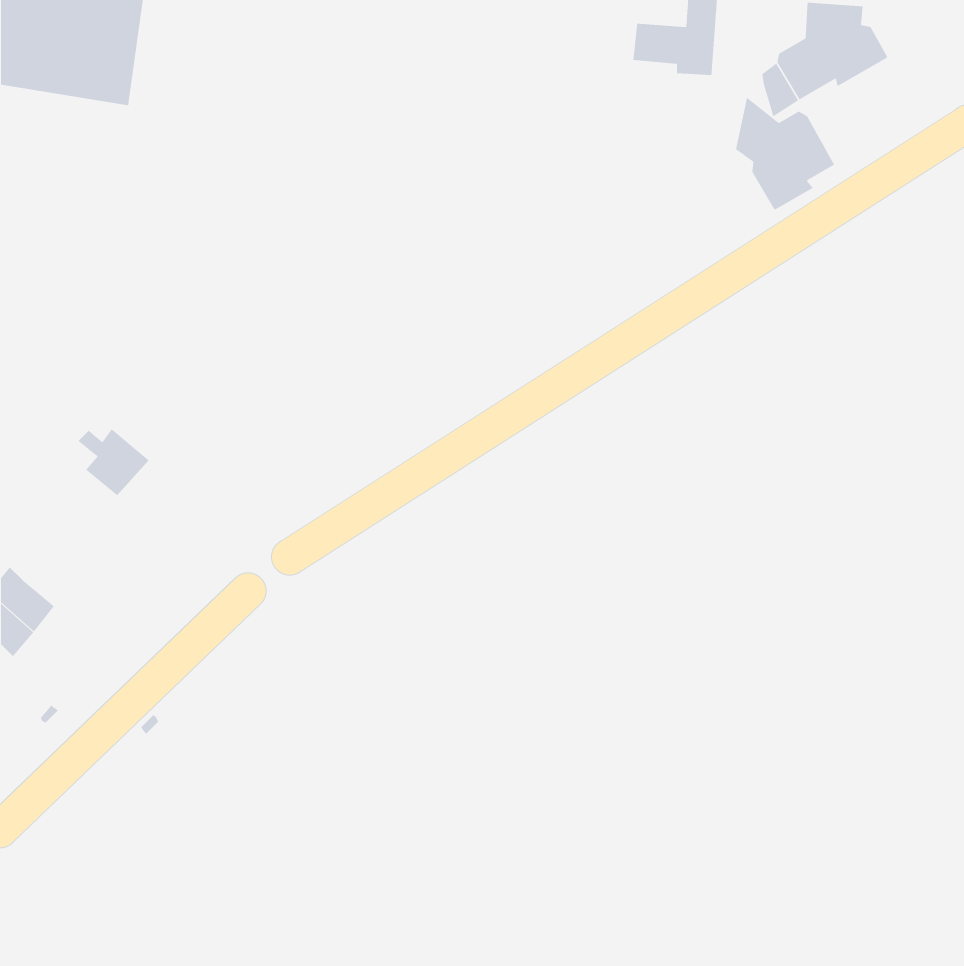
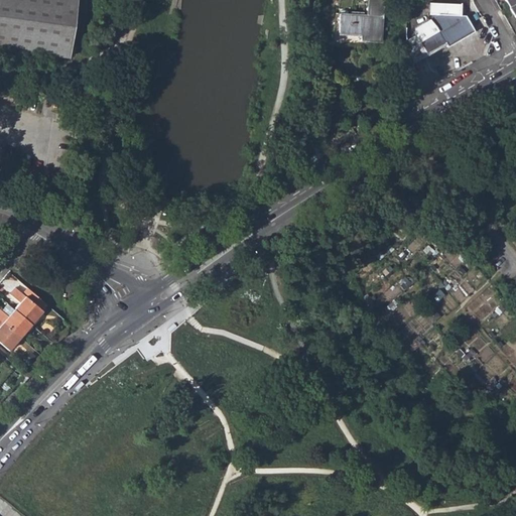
building: [735,96,835,210] -> none
building: [78,428,149,496] -> [10,286,48,322]

